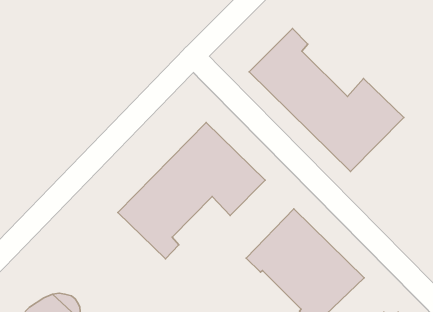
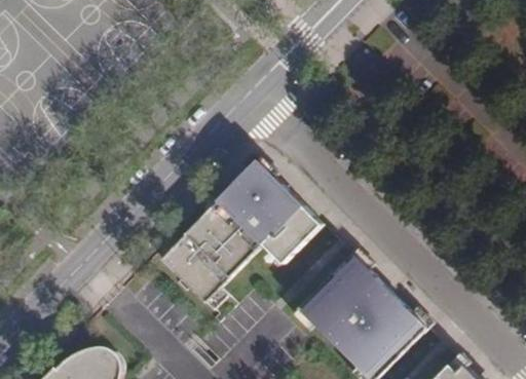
building: [249,28,404,172] -> none

